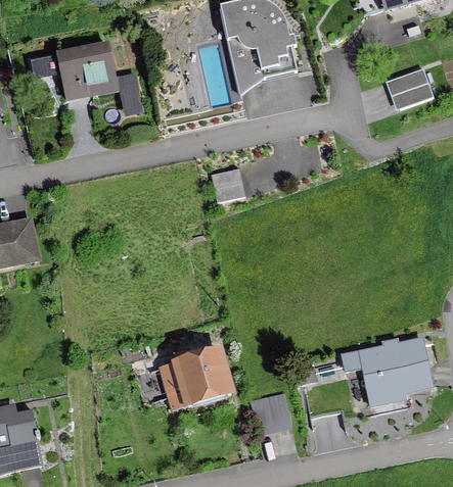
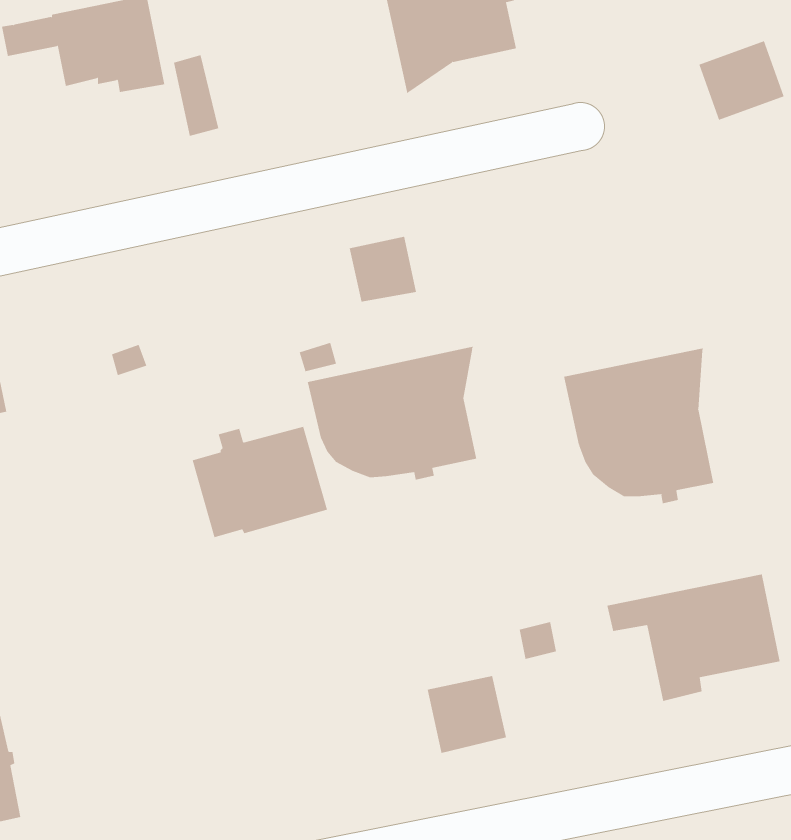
building: none -> [307,346,477,481]
building: none -> [563,347,714,504]
building: [161,349,230,406] -> [192,426,328,538]

